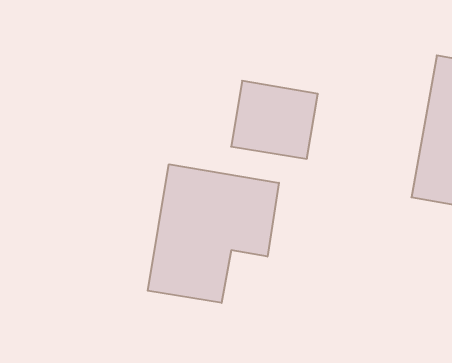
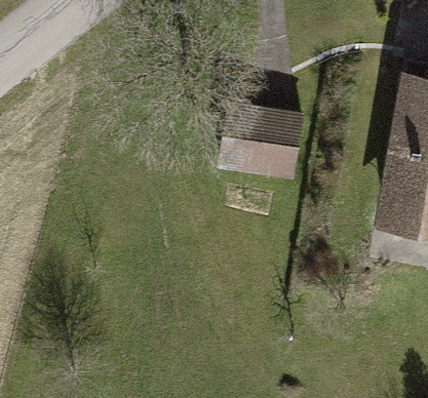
building: [148,164,279,303] -> none

